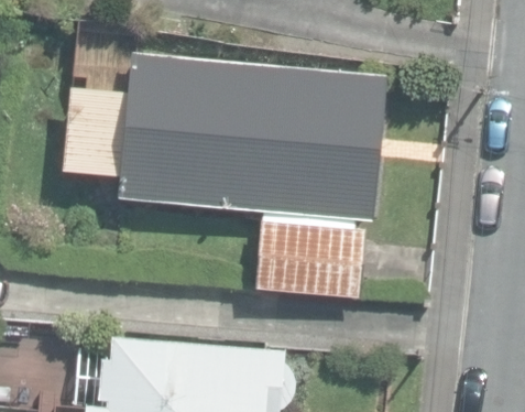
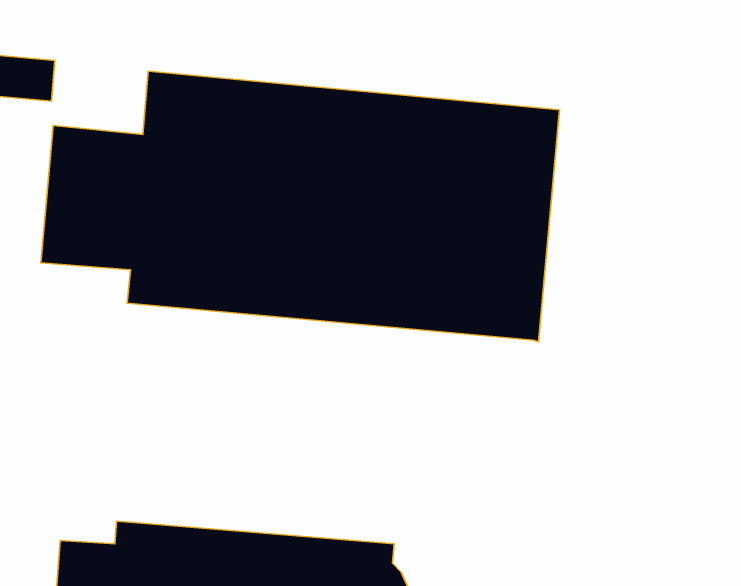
building: [256,220,368,300] -> none

